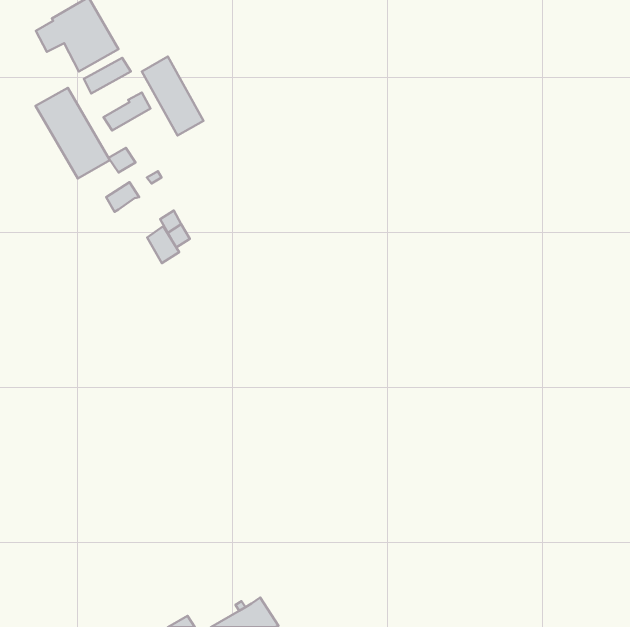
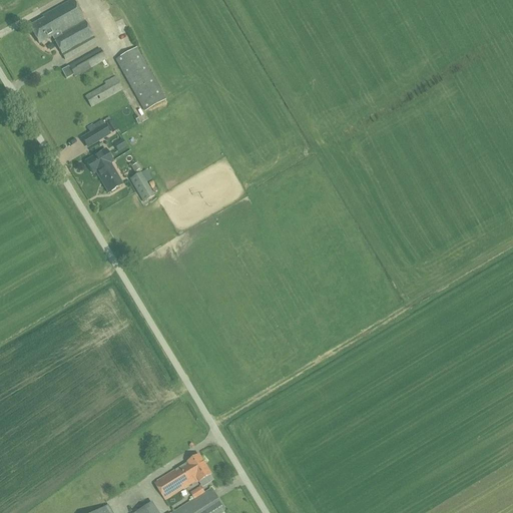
building: [36,88,110,178] -> none
building: [147,226,179,263] -> [96,161,122,191]
building: none -> [154,454,214,499]

